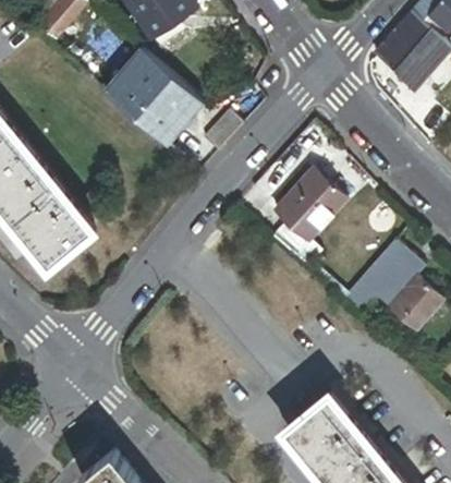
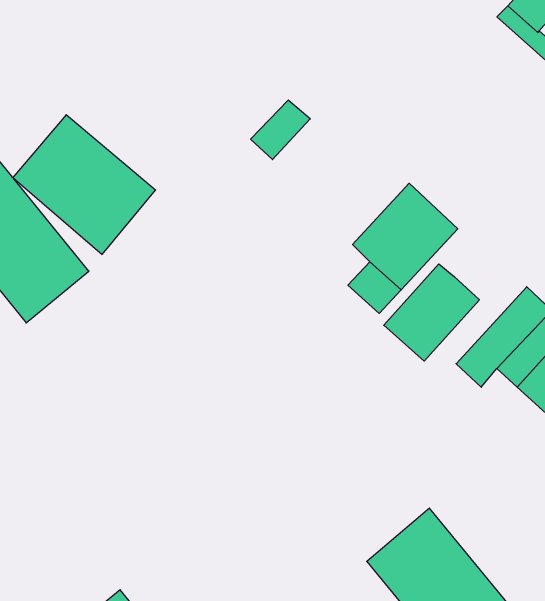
building: [105,49,204,146] -> [13,115,156,254]
building: none -> [384,264,479,361]

